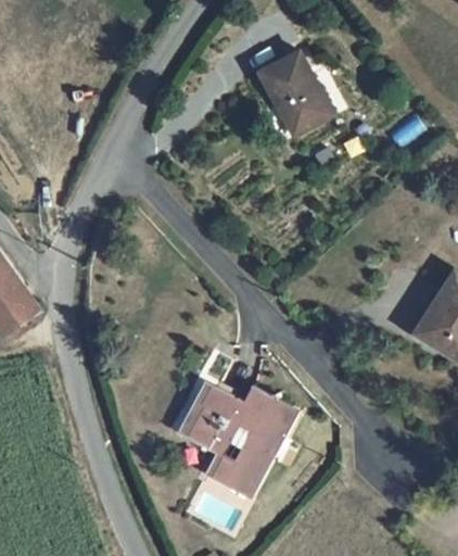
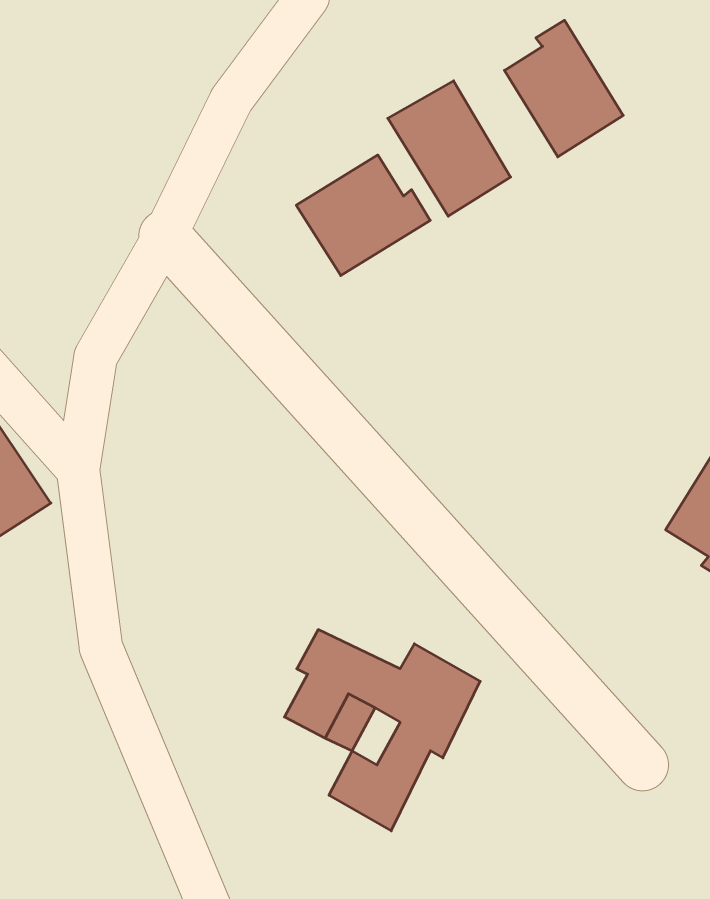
building: none -> [504,20,623,157]
building: none -> [296,155,430,276]

